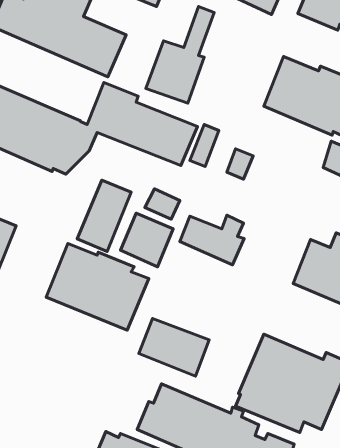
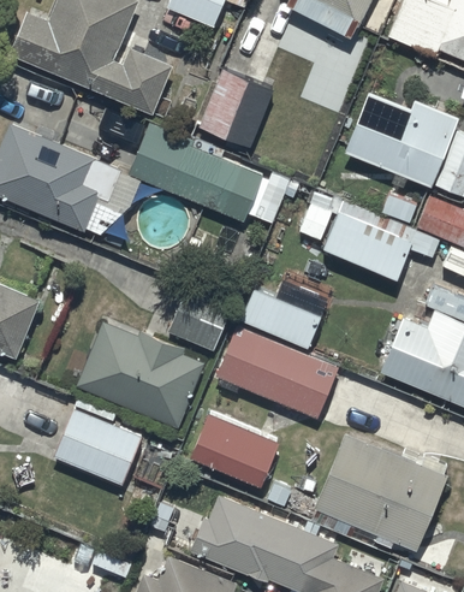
building: none -> [323,194,417,279]
building: [77,180,131,251] -> none
building: none -> [216,327,339,420]
building: none -> [54,409,142,486]

